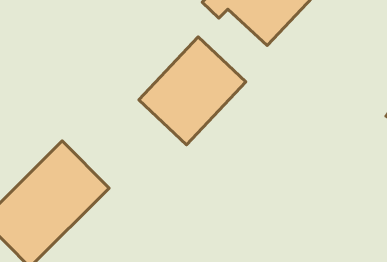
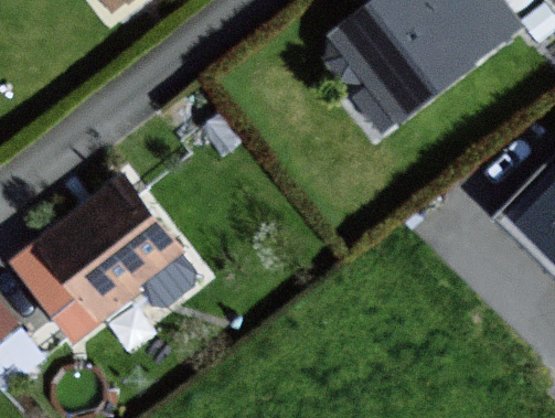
building: [139,37,246,145] -> none

